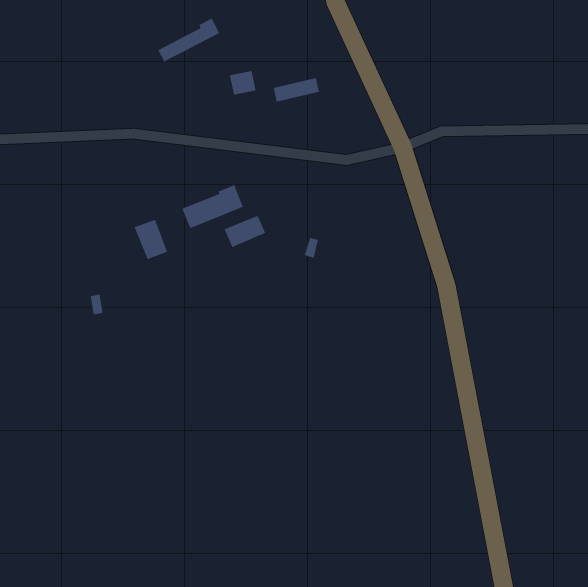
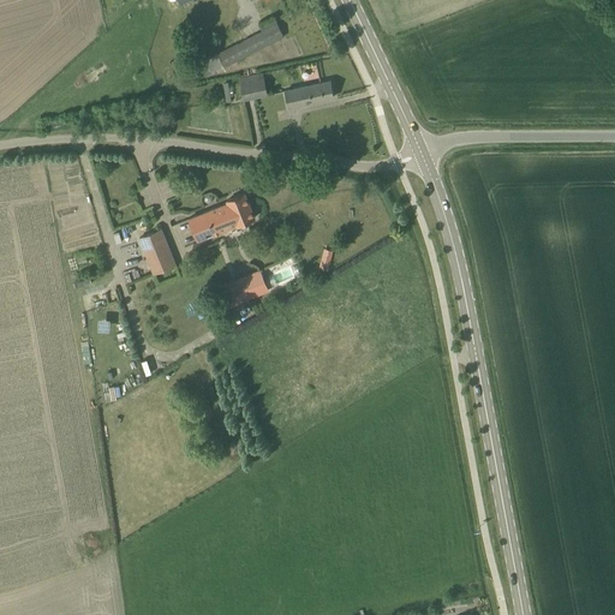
building: [157,17,220,62] -> [217,20,283,67]
building: [224,215,266,248] -> [223,271,268,306]

